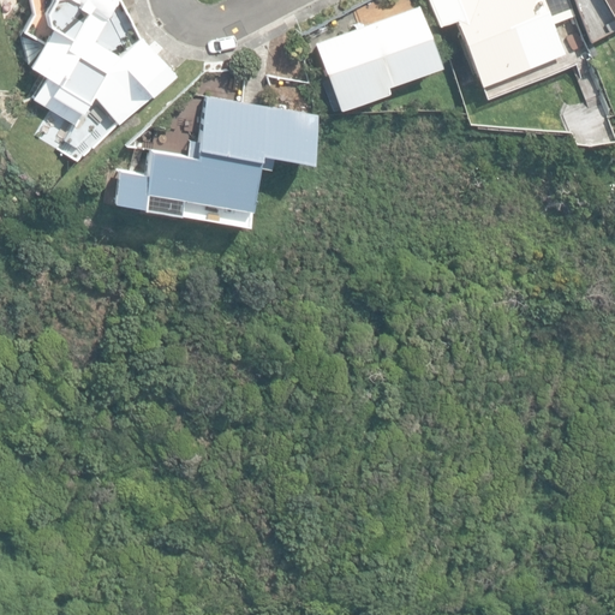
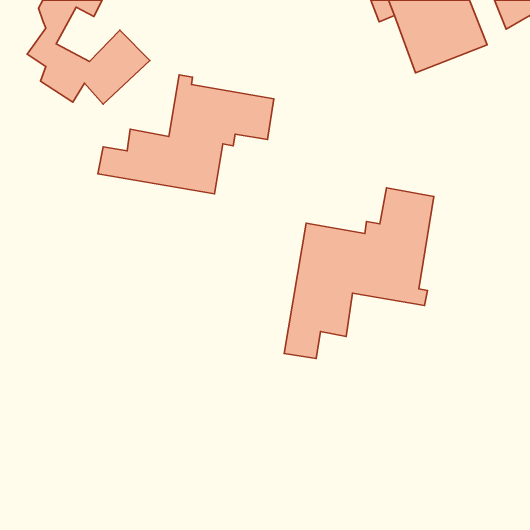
building: [317,7,442,112] -> none
building: none -> [284,188,434,358]

